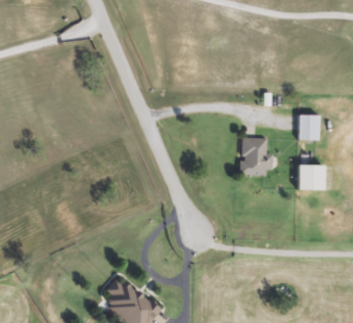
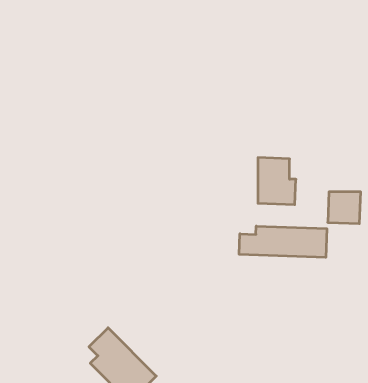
building: [298,114,318,140] -> none
building: none -> [239,226,327,257]

